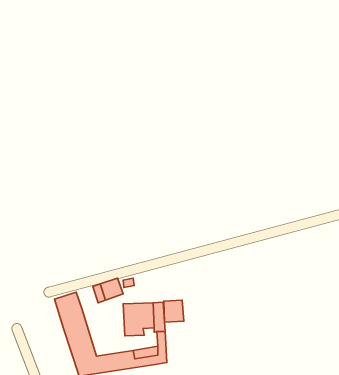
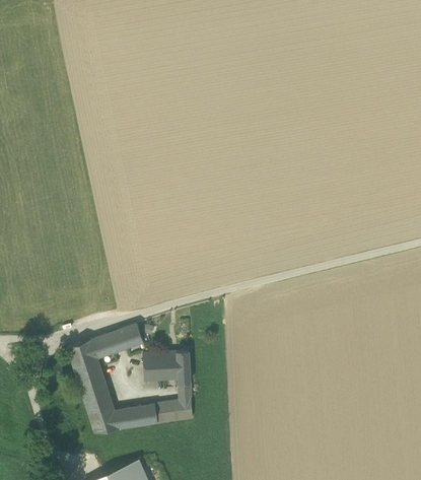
building: none -> [91,333,116,357]
building: [164,300,184,322] -> none

